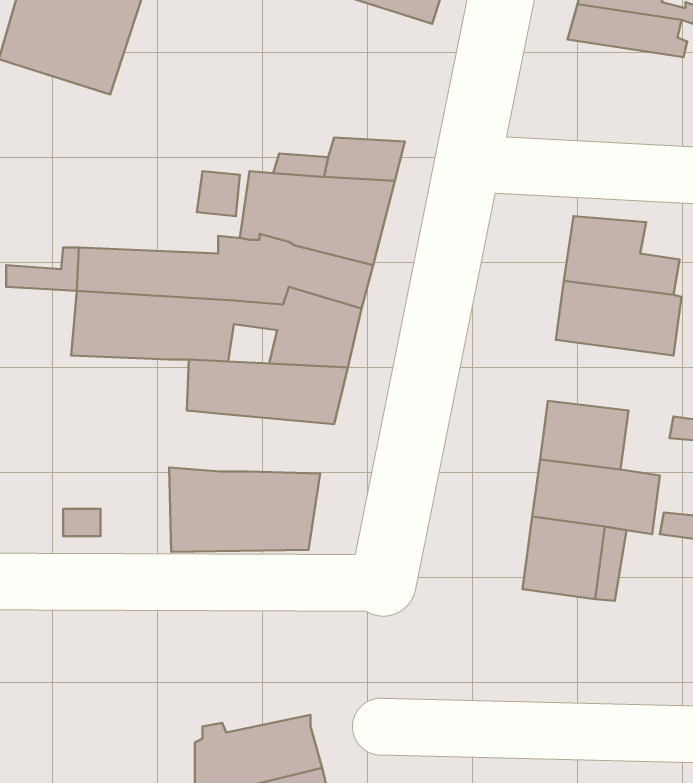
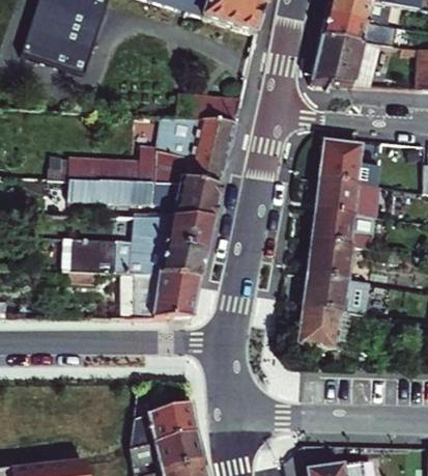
building: none -> [313,46,386,96]
building: none -> [314,204,380,244]
building: none -> [62,240,201,275]

